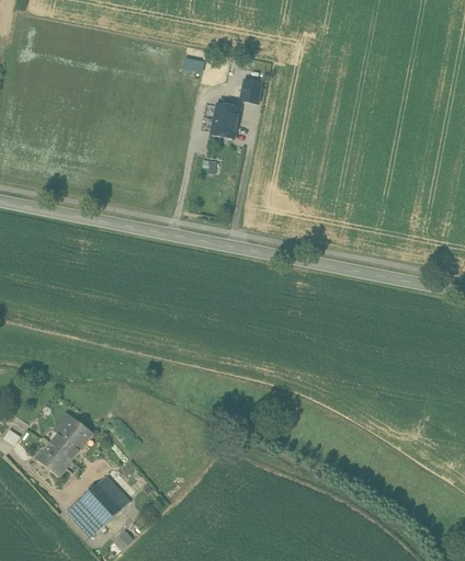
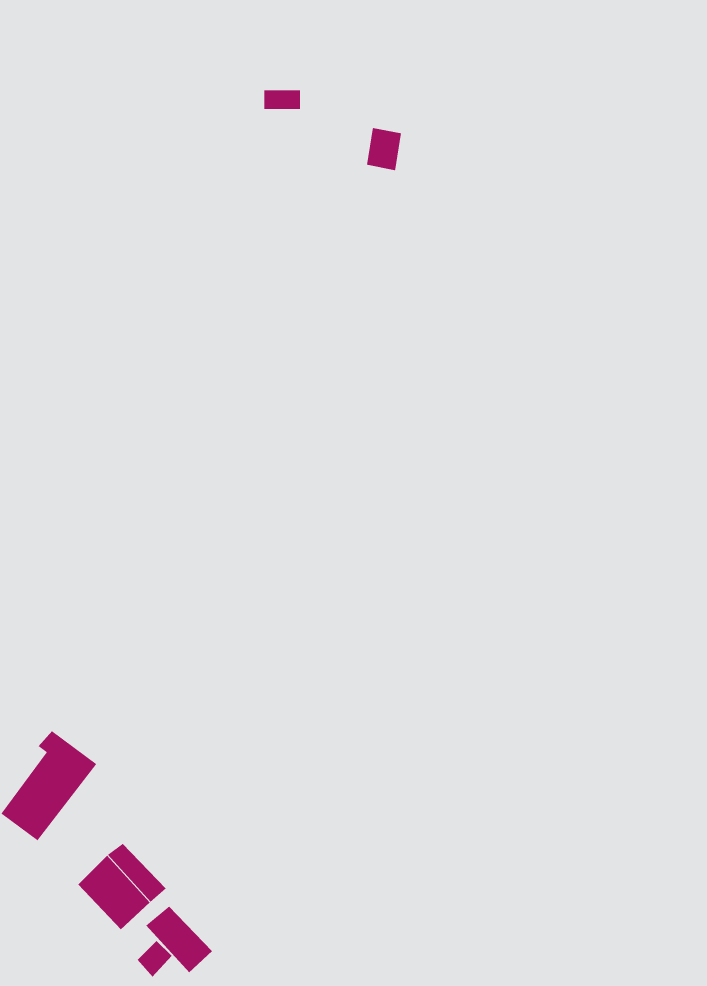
building: [207,98,239,133] -> none
building: [67,499,104,536] -> [146,906,213,973]

